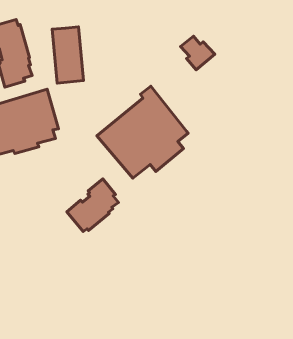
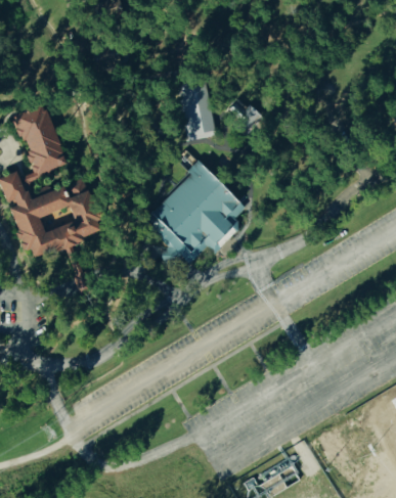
building: [52,27,84,83] -> [176,77,217,141]
building: [67,179,119,232] -> none

